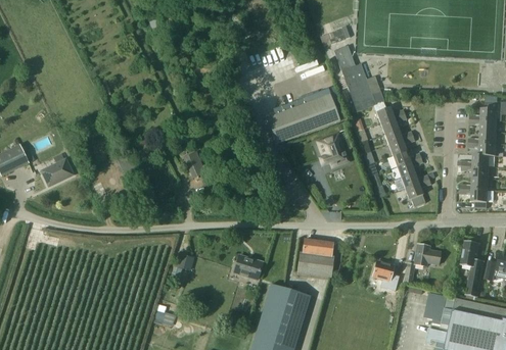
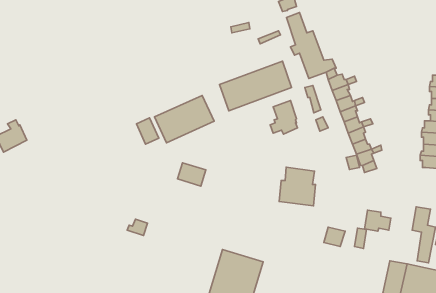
building: none -> [154,95,214,143]
building: [296,238,333,277] -> [279,167,316,206]
building: [233,254,262,278] -> [177,163,206,186]

